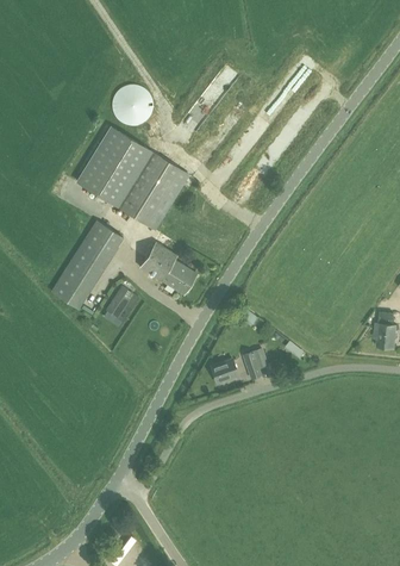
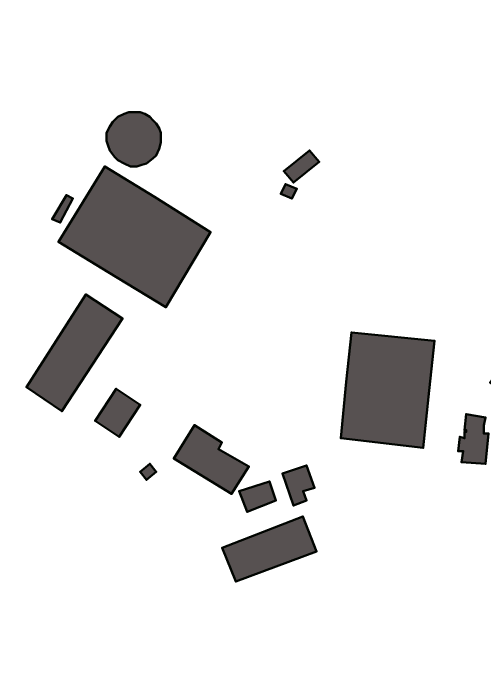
building: [139,242,195,293] -> [174,425,249,494]
building: none -> [341,332,434,448]
building: none -> [222,517,316,581]

